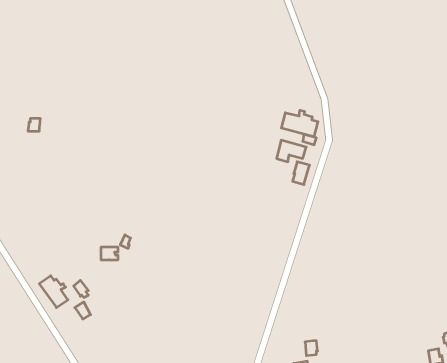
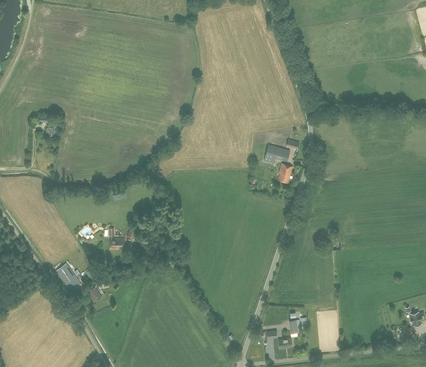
building: [281,110,318,137] -> none

